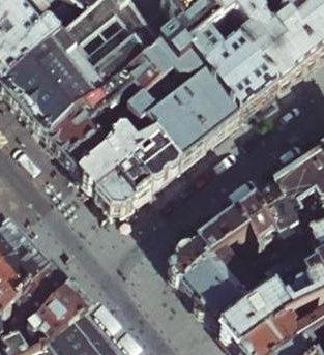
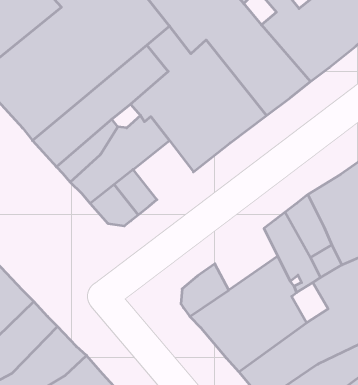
building: [130,135,180,183] -> none
building: [198,207,249,258] -> none

